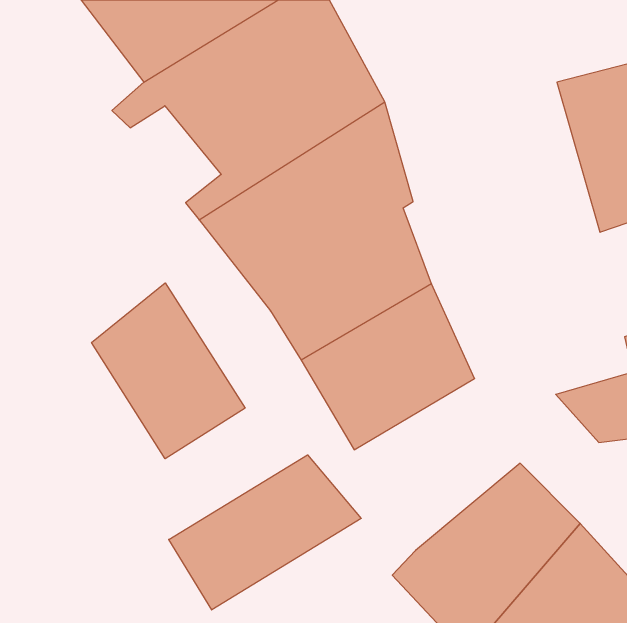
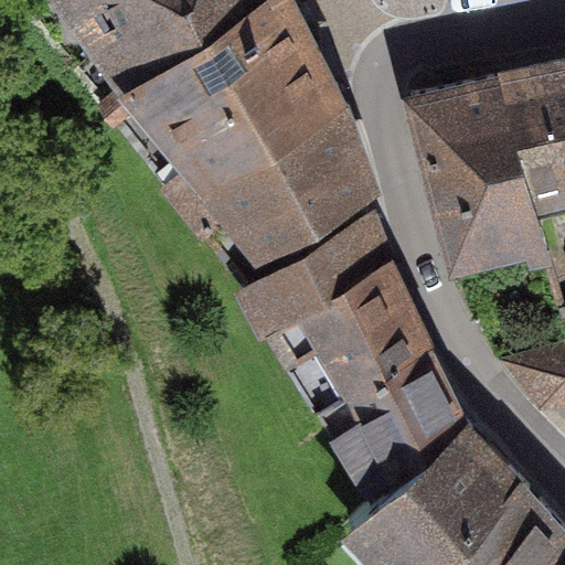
building: none -> [414,78,547,260]
building: [92,283,245,459] -> none
building: none -> [319,344,468,499]
building: [169,455,361,610] -> none

